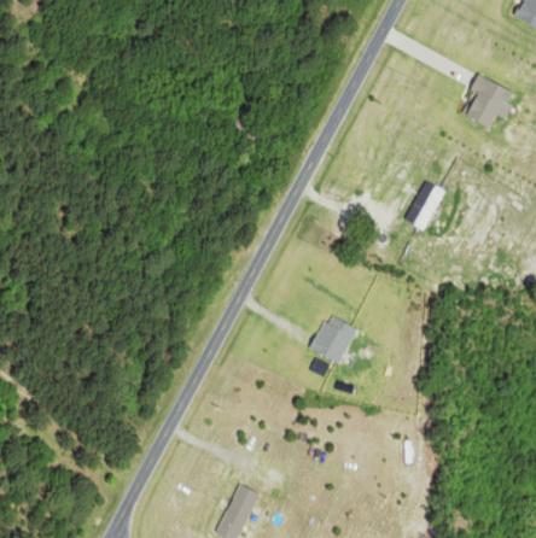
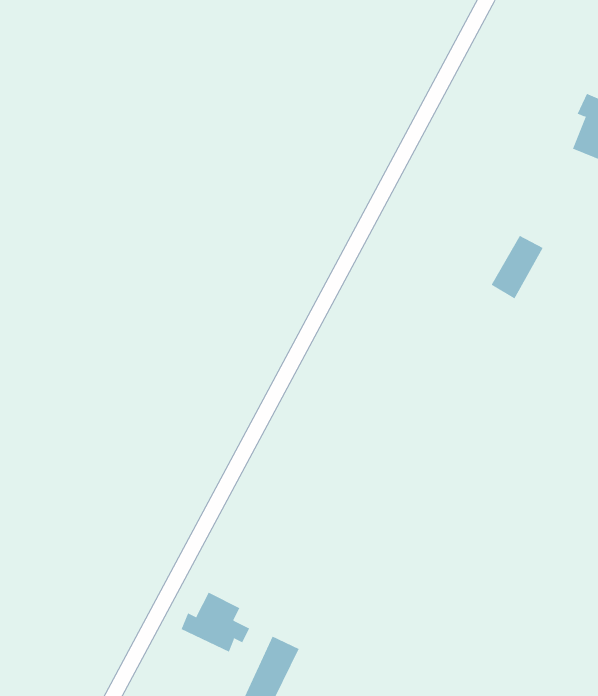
building: [313,315,355,362] -> none
building: none -> [181,592,250,653]

